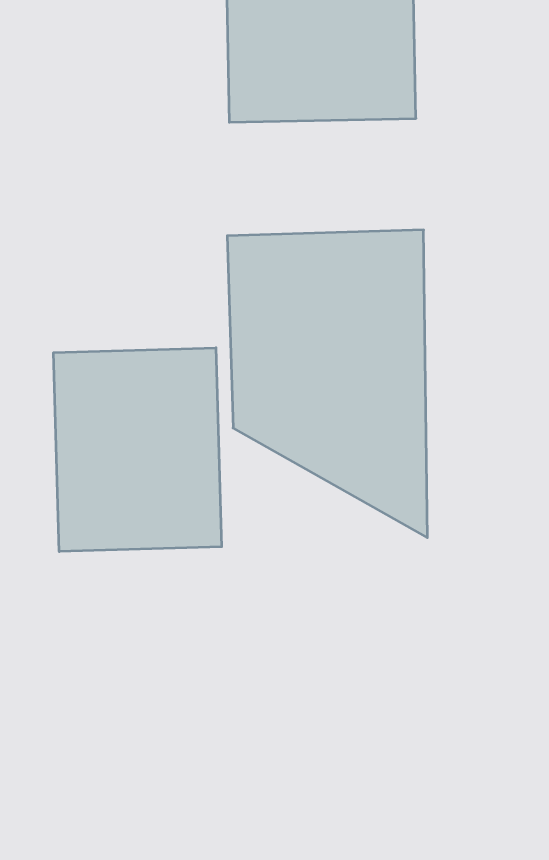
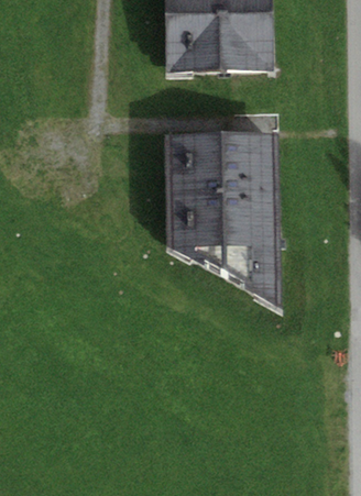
building: [54,348,222,552] -> none

